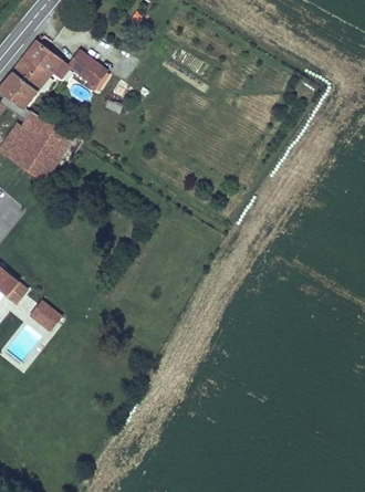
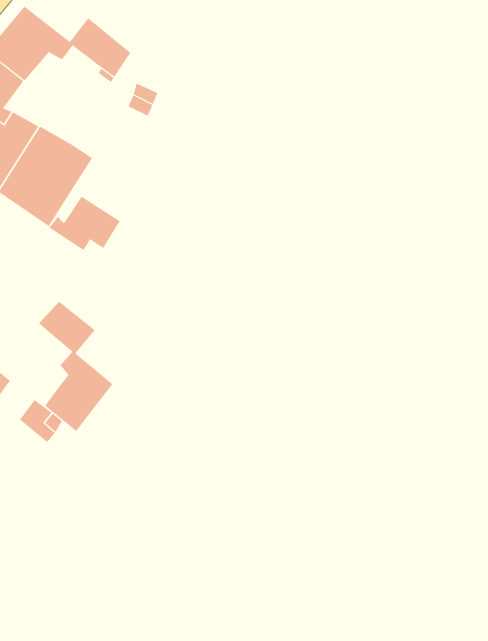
building: none -> [49,196,121,251]
building: none -> [38,301,113,432]

